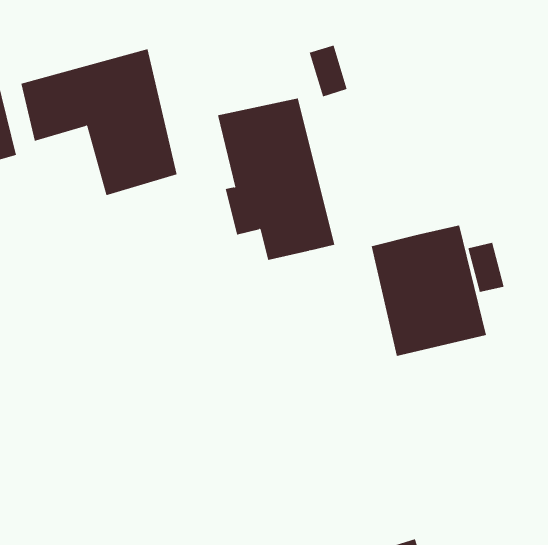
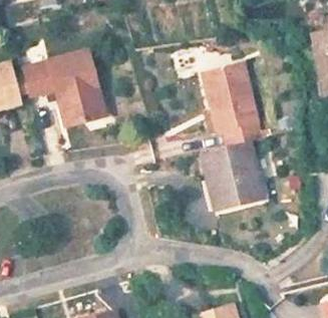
building: [217,98,335,260] -> [203,61,264,145]

